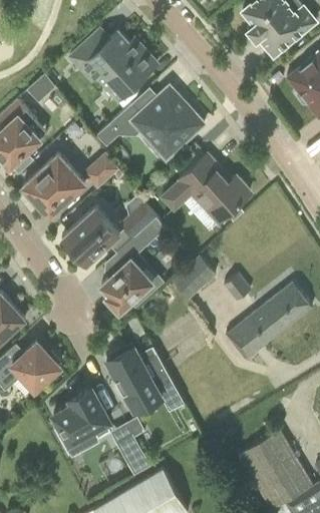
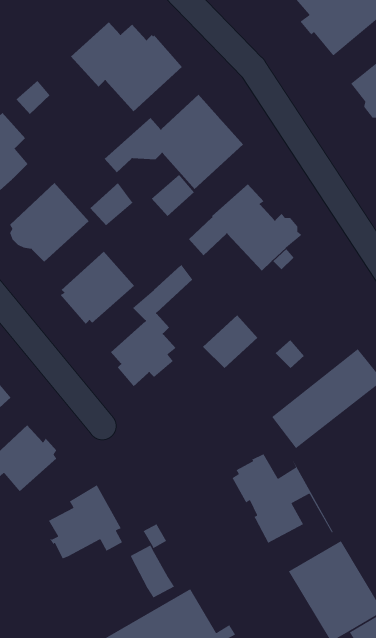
building: [121,204,155,237] -> [151,174,195,217]
building: [106,343,186,413] -> [231,453,334,544]

